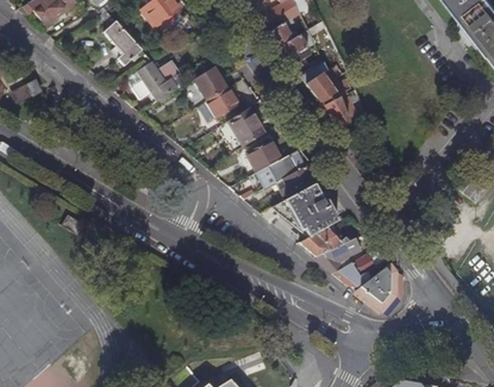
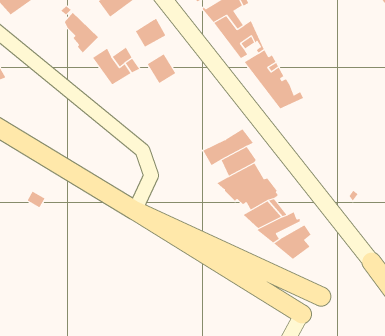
building: [205,86,239,118] -> [135,18,166,48]
building: [227,107,264,146] -> none
building: [244,139,280,171] -> none
building: [354,263,394,311] -> none

